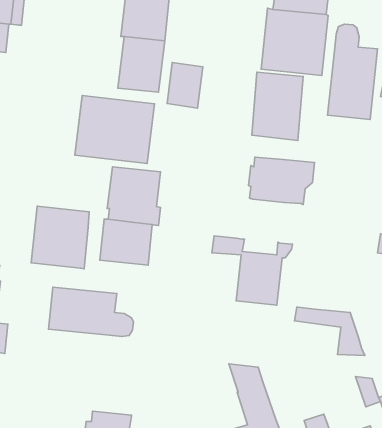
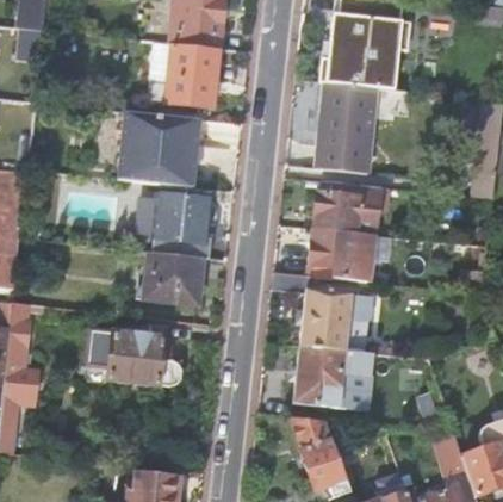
building: [328,24,377,120] -> none
building: [167,62,203,108] -> none
building: none -> [310,230,373,281]
building: [31,206,89,269] -> none
building: none -> [293,346,355,408]

